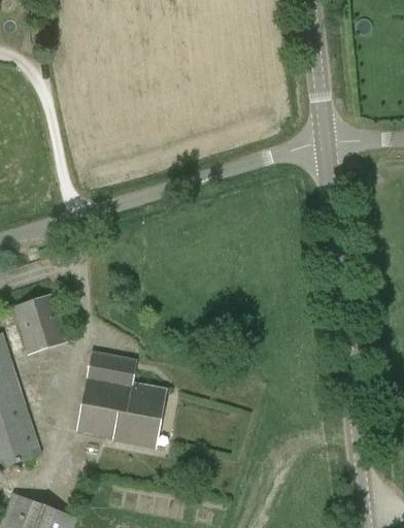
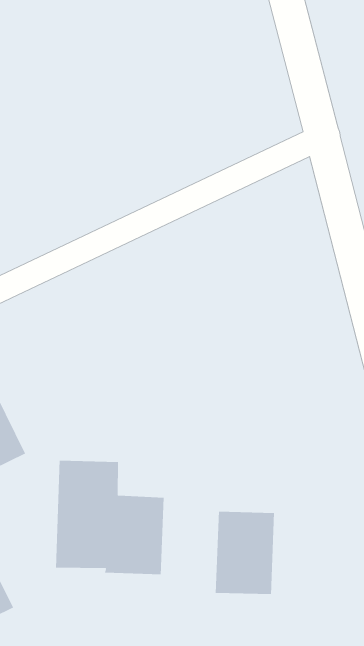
building: none -> [215,511,275,595]

